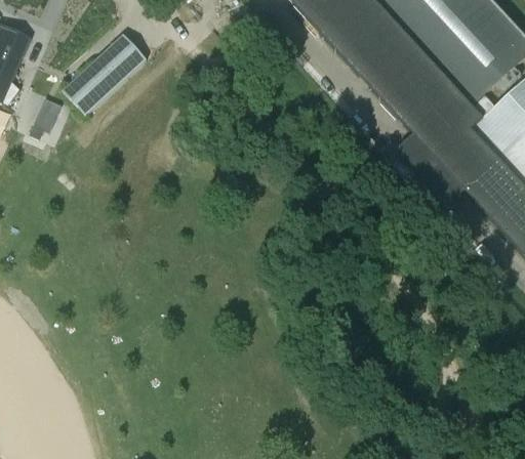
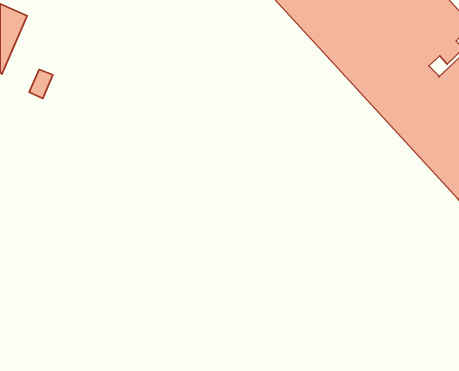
building: [62,32,146,114] -> none

